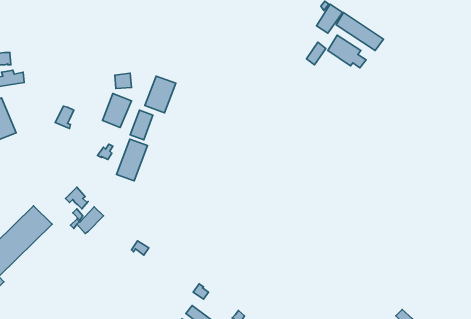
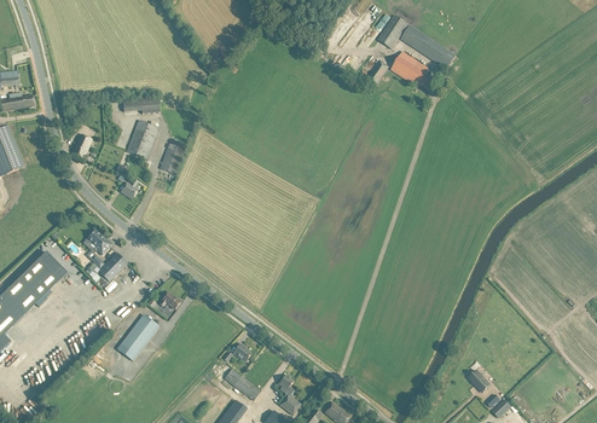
building: [145,76,176,113] -> none
building: [116,139,148,181] -> none
building: none -> [116,314,158,360]

